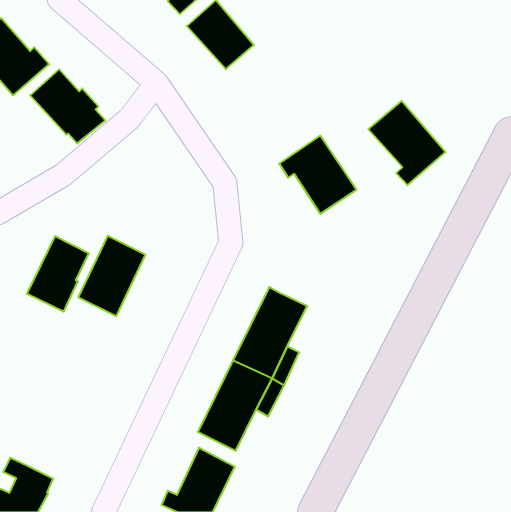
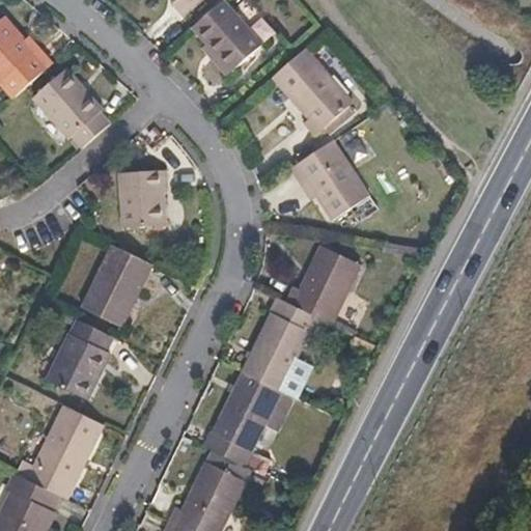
building: [368,101,446,185] -> [272,49,352,136]
building: none -> [116,169,162,226]
building: [27,236,89,312] -> [46,318,110,396]
building: none -> [287,248,361,324]
building: none -> [28,406,102,499]

